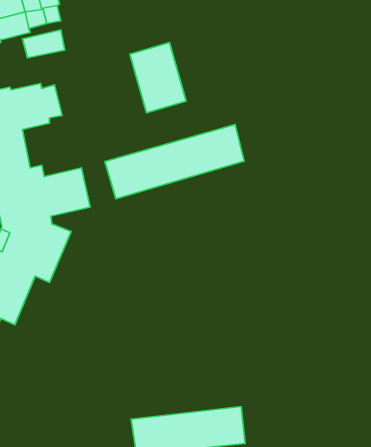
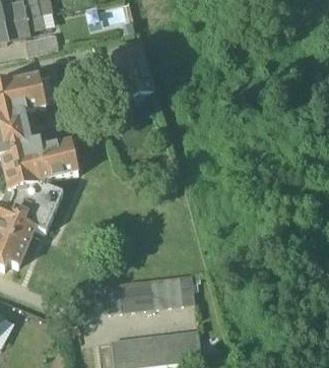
building: [105,125,244,199] -> none
building: none -> [105,275,195,313]

